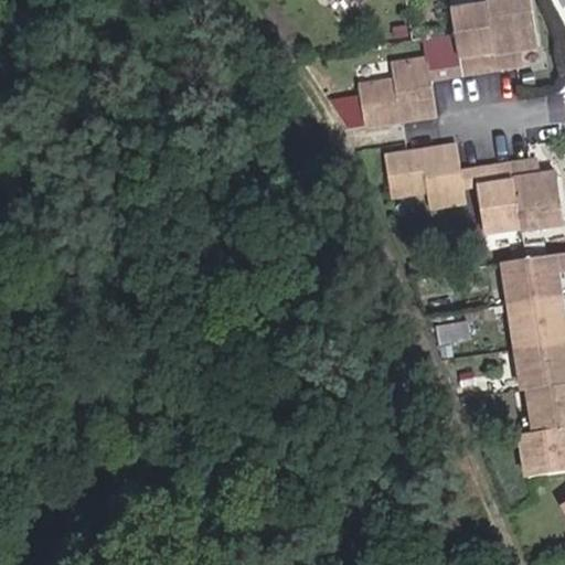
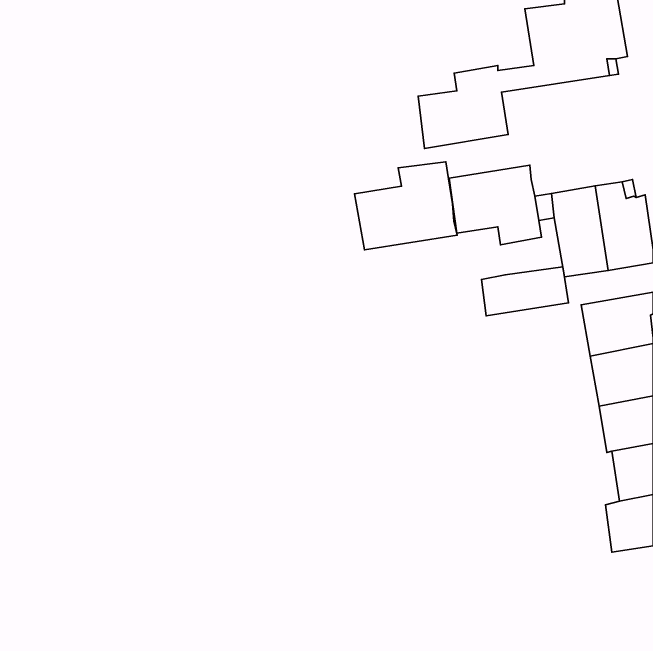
building: none -> [354,162,457,250]
building: none -> [482,267,569,316]

